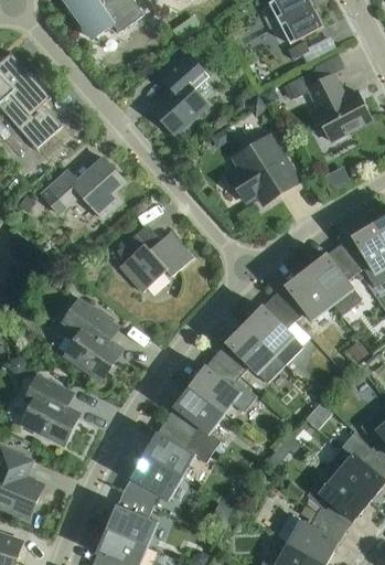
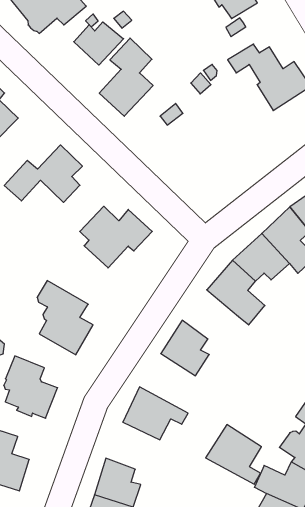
building: none -> [74,22,124,65]
building: [228,135,299,204] -> none
building: [215,323,285,382] -> none
building: [164,386,224,451] -> [206,425,261,484]
building: [122,455,181,505] -> none

